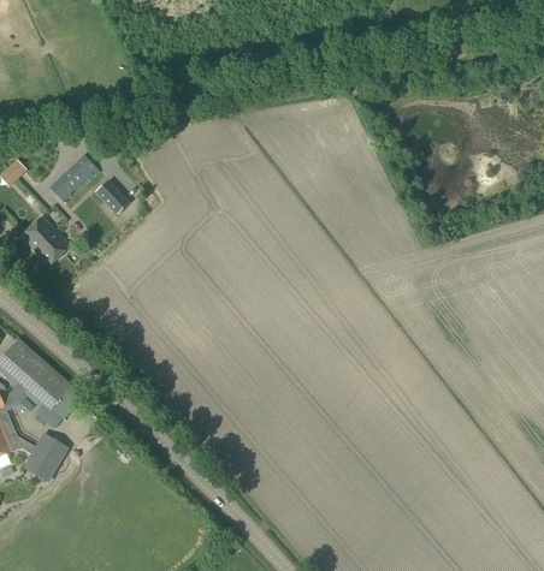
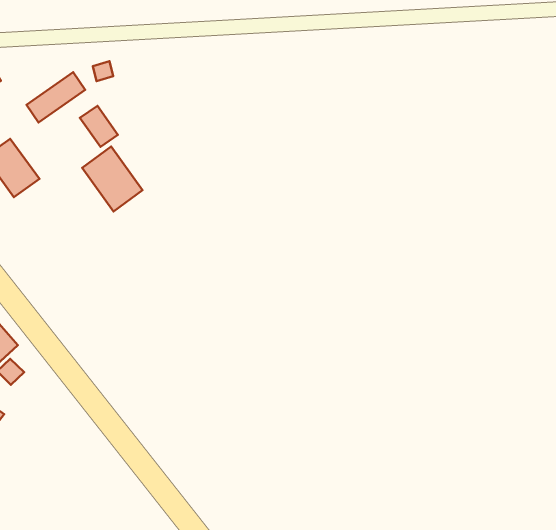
building: none -> [82,147,143,211]

